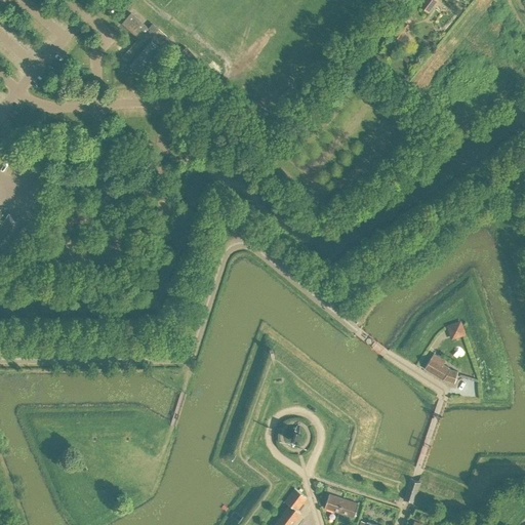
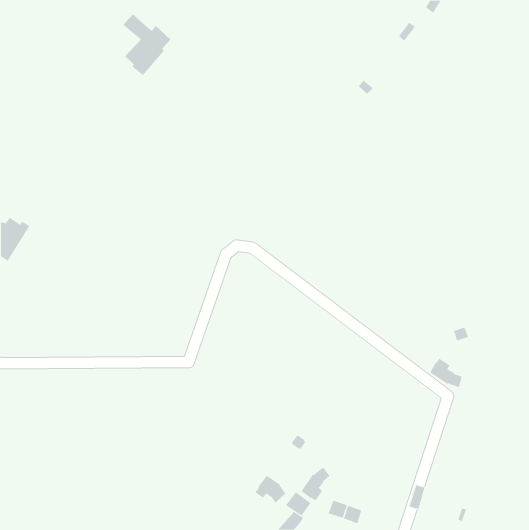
building: none -> [301,466,330,502]
building: none -> [254,475,286,503]

